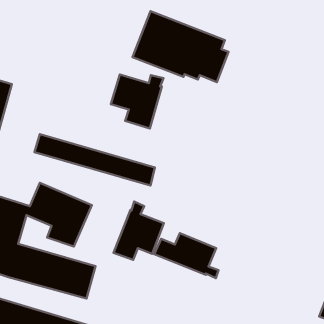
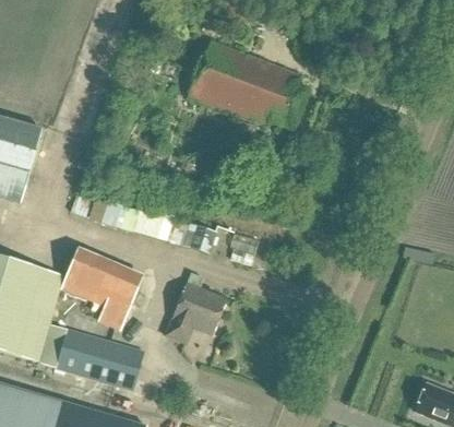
building: [111,75,164,128] -> none
building: [154,233,219,278] -> none

